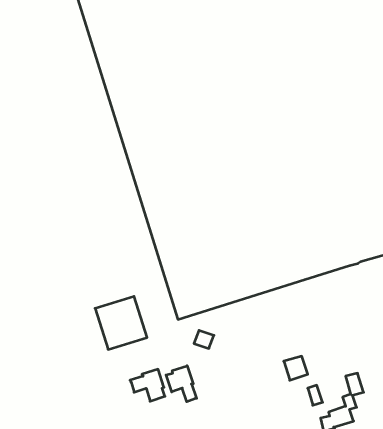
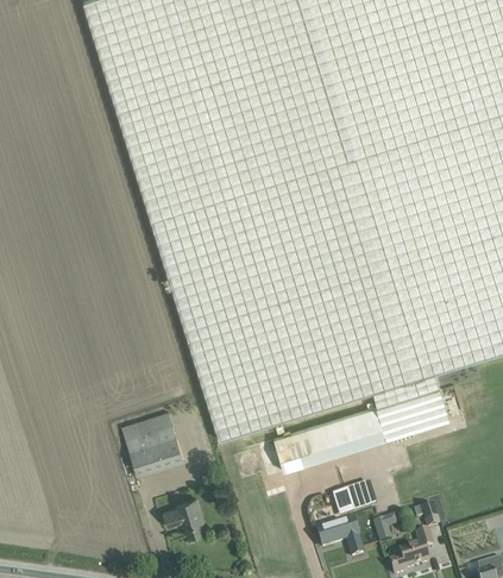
building: none -> [273,373,449,471]
building: [166,366,197,402] -> none
building: none -> [317,519,363,555]

